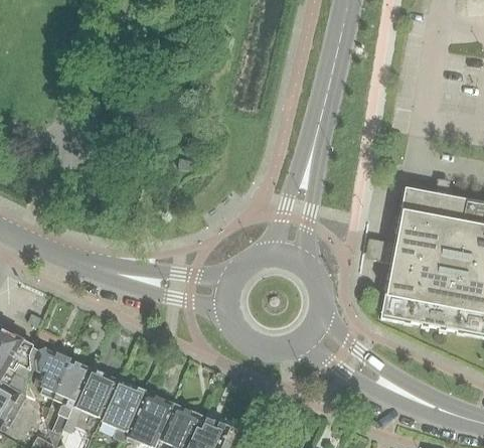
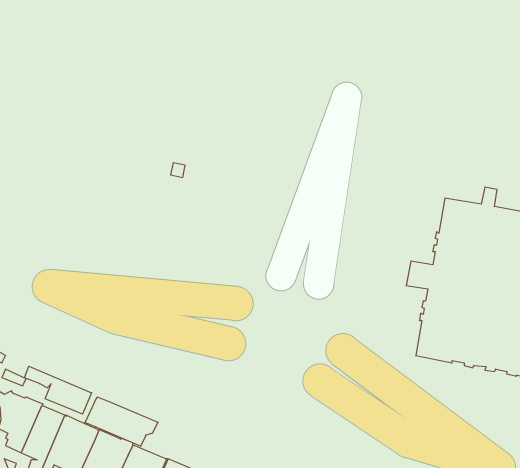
building: none -> [25,366,92,414]
building: none -> [85,397,158,446]

